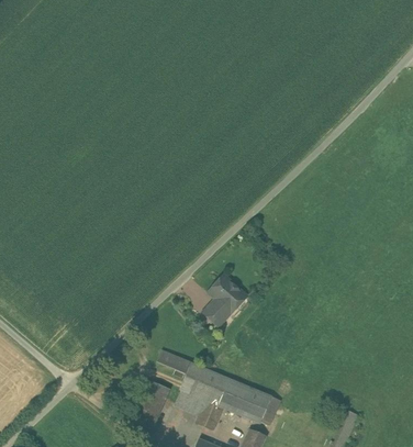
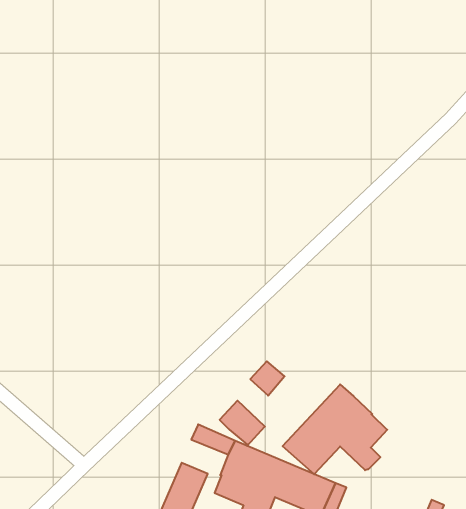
building: [209,276,245,312] -> [220,401,265,446]
building: none -> [283,384,387,474]

